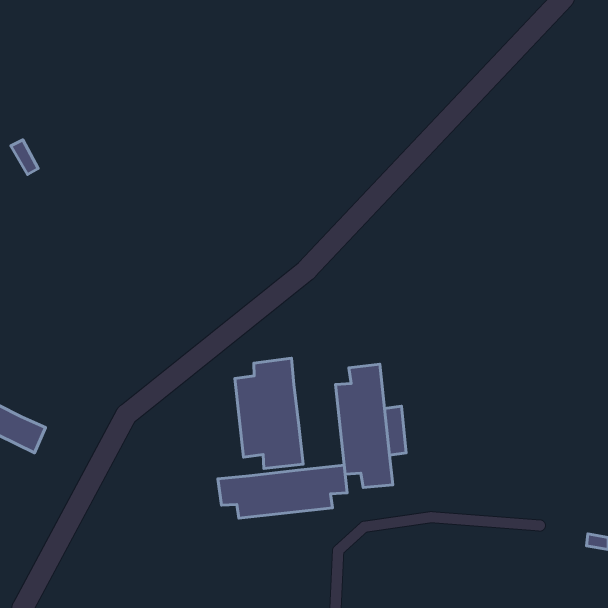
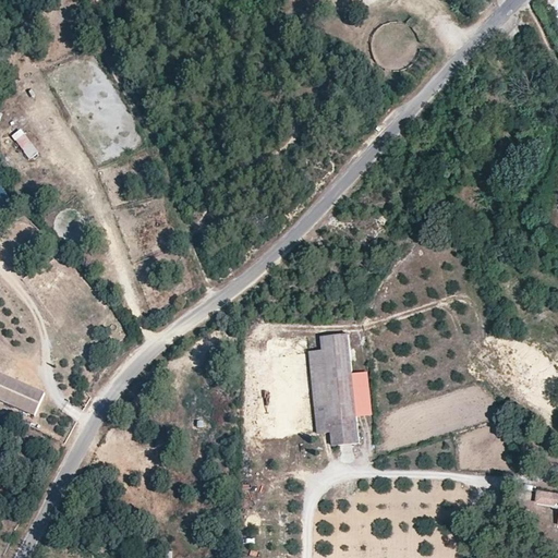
building: [235,358,303,468] -> none
building: [218,465,347,518] -> none

